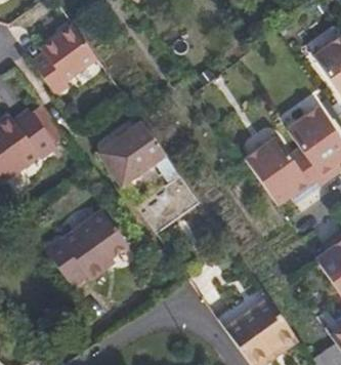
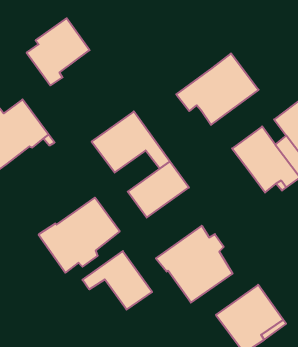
building: none -> [176,53,259,125]
building: none -> [156,226,233,303]
building: none -> [82,251,152,310]

